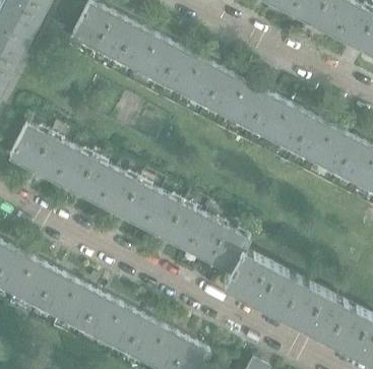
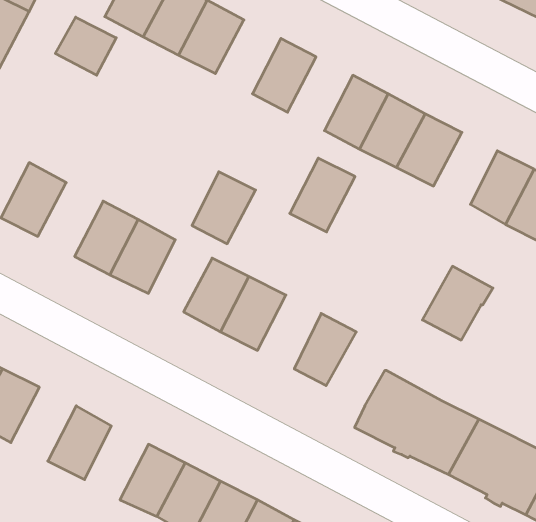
building: none -> [55,17,116,75]
building: [140,39,180,83] -> none
building: [184,61,224,106] -> [290,158,355,232]
building: [272,107,311,150] -> none
building: [33,137,72,182] -> none
building: [100,172,138,216] -> [192,172,256,244]
building: [166,205,204,250] -> none
building: [207,228,250,272] -> [422,266,493,340]
building: [16,261,56,306] -> none
building: [61,285,100,329] -> none

